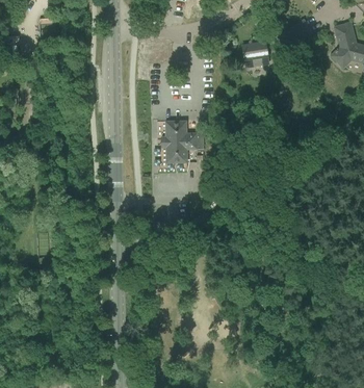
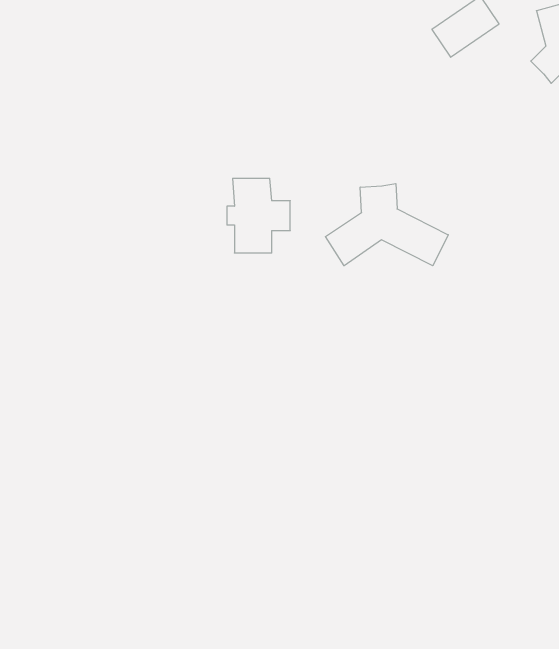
building: [242,41,269,67] -> none
building: none -> [325,184,448,266]

